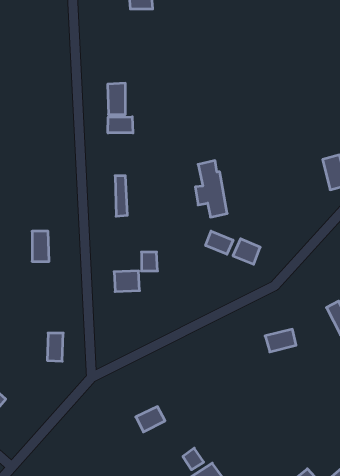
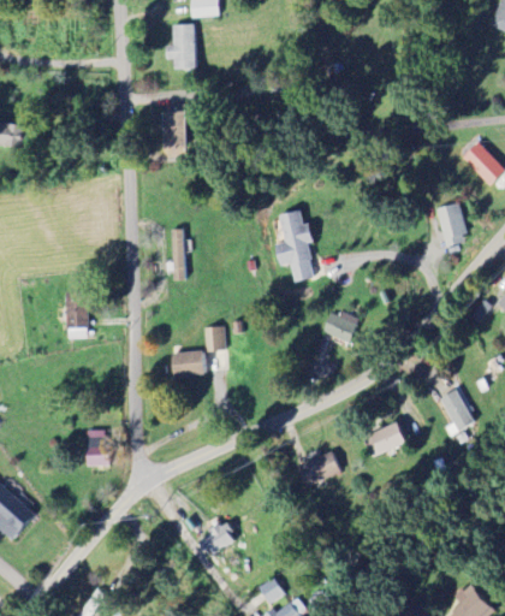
building: none -> [165,23,195,69]
building: [108,117,133,133] -> none
building: [206,231,233,254] -> none
building: none -> [297,452,340,485]

